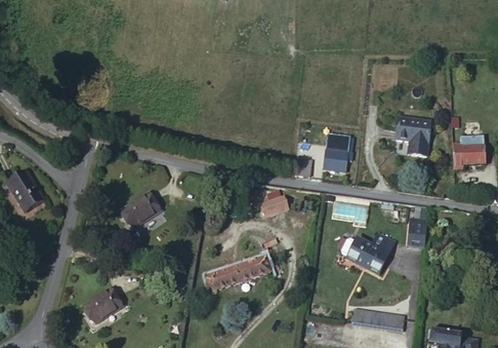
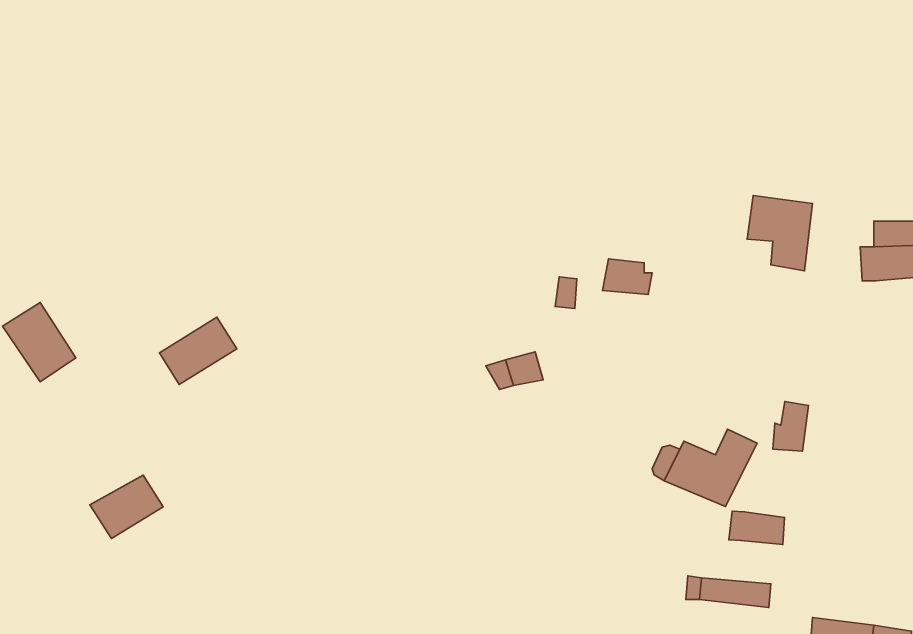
building: [117,198,157,233] -> [159,317,237,384]
building: [207,254,268,289] -> none
building: none -> [729,511,784,544]
building: [82,293,120,325] -> [90,475,163,539]

